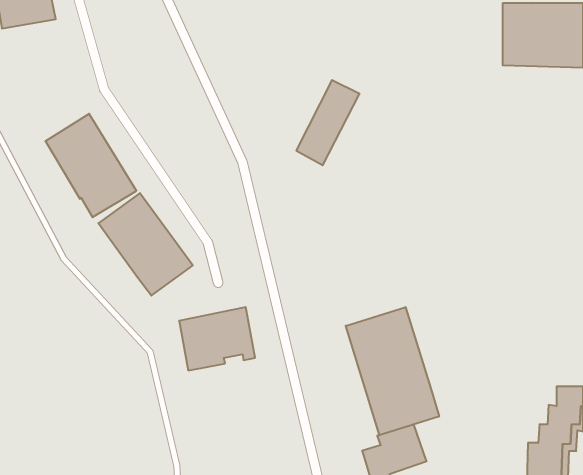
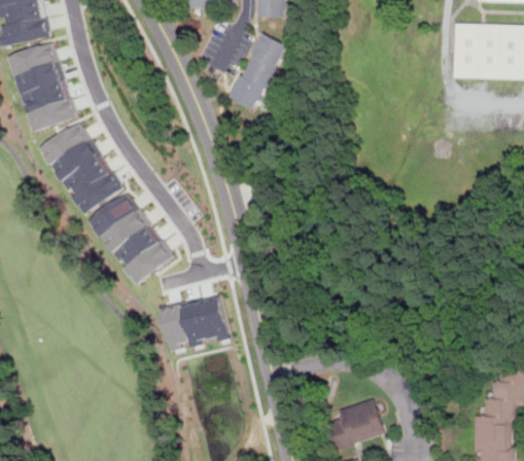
building: none -> [9,42,76,131]
building: [296,80,360,165] -> [230,33,286,109]
building: [346,307,439,435] -> none

